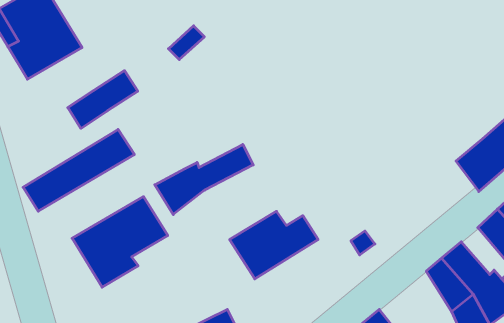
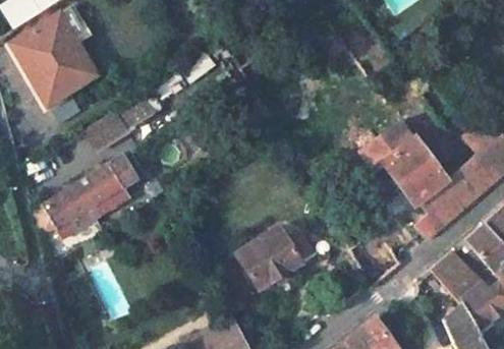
building: none -> [359,119,467,239]
building: [155,144,253,215] -> none
building: [72,197,168,287] -> none

